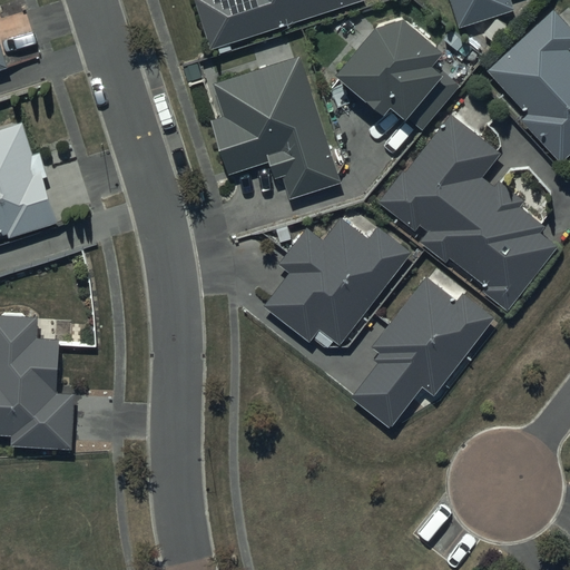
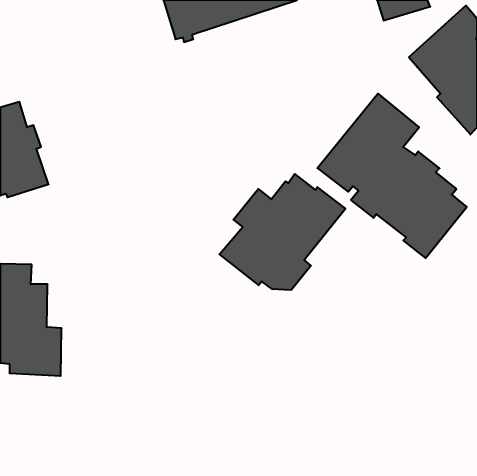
building: [335,16,460,129] -> none
building: [212,56,341,199] -> none
building: [351,275,494,426] -> none

